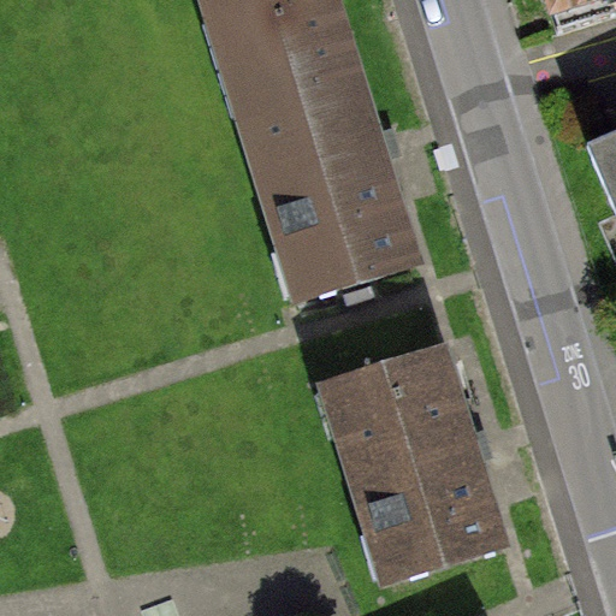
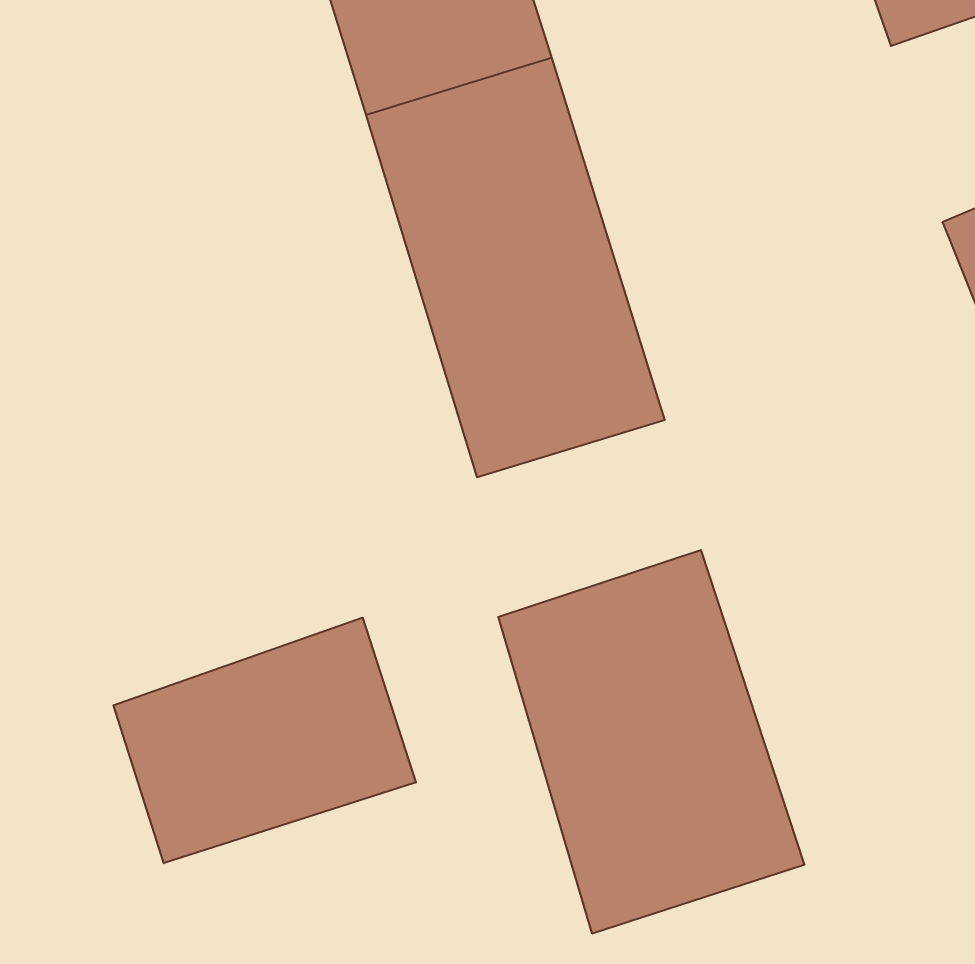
building: none -> [114,618,416,863]

